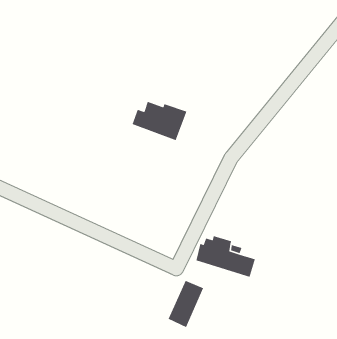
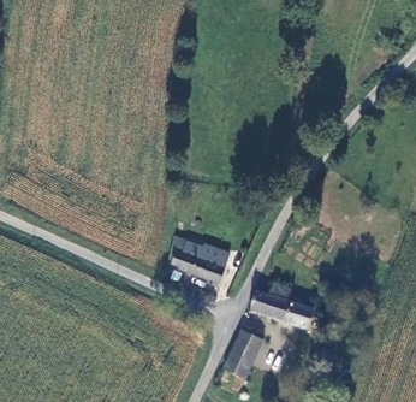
building: [132,101,187,141] -> [168,238,228,282]

